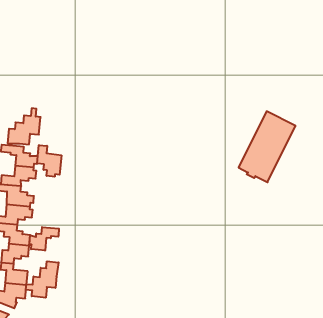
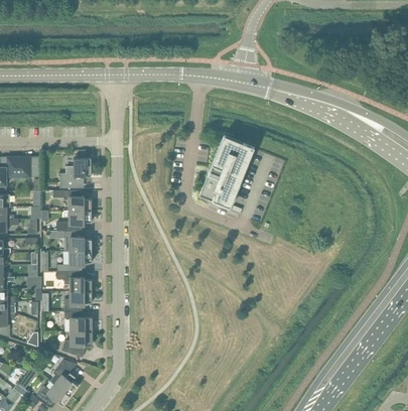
building: [239,111,296,182] -> [198,134,253,207]
building: [37,145,61,177] -> none
building: [29,227,59,251] -> none
building: [26,261,59,298] -> none

